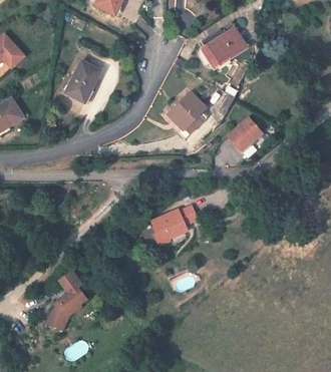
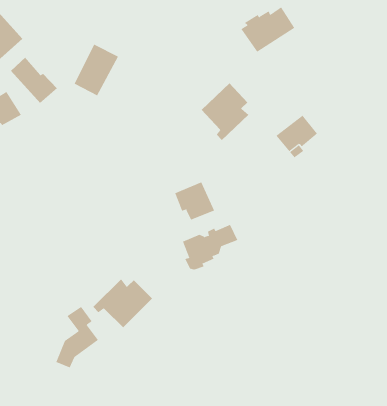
building: none -> [10,57,58,104]
building: none -> [175,181,215,221]
building: none -> [93,278,153,328]

